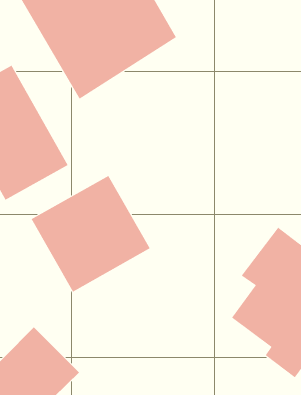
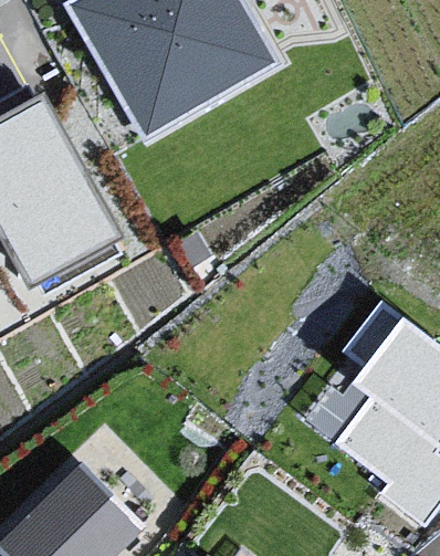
building: [31,175,150,293] -> none

